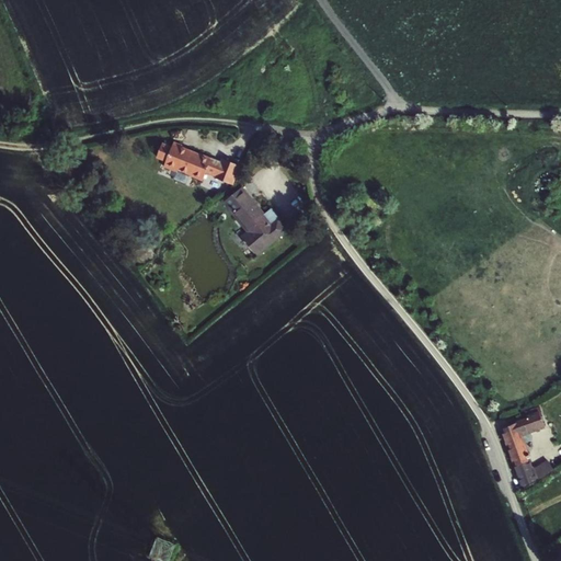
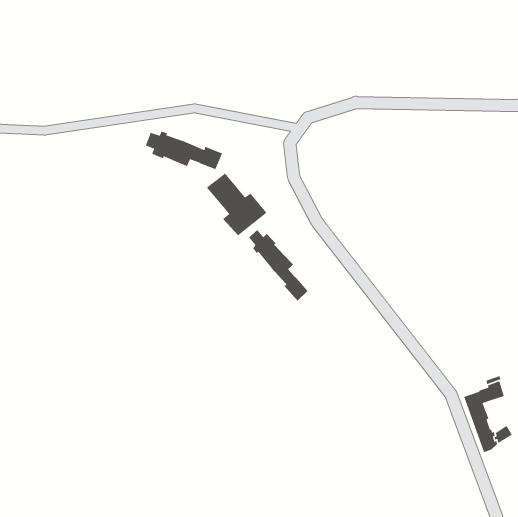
building: none -> [248,229,309,301]

